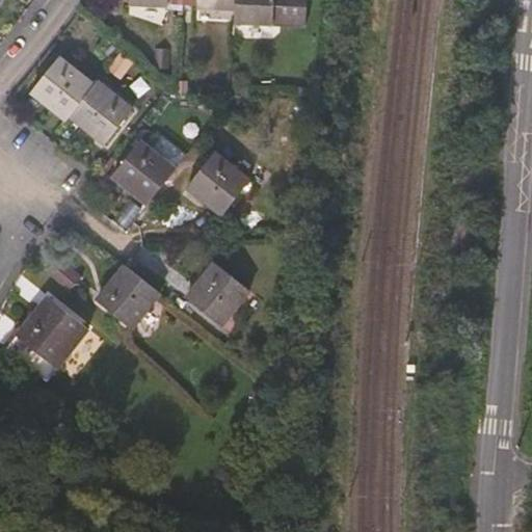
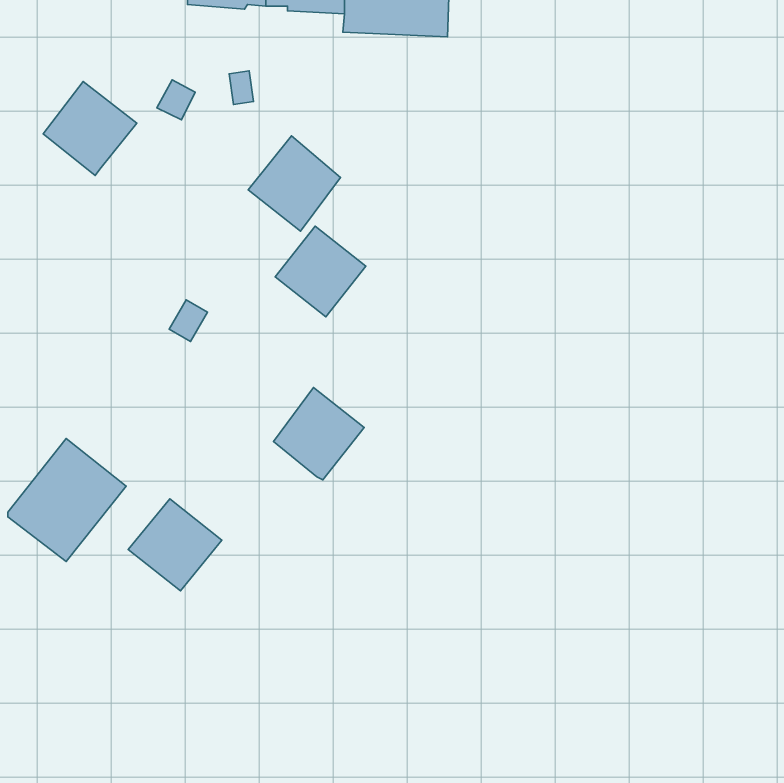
building: [69,80,132,142] -> none
building: [111,139,174,204] -> [248,136,341,231]
building: [96,264,159,326] -> [128,499,222,591]

